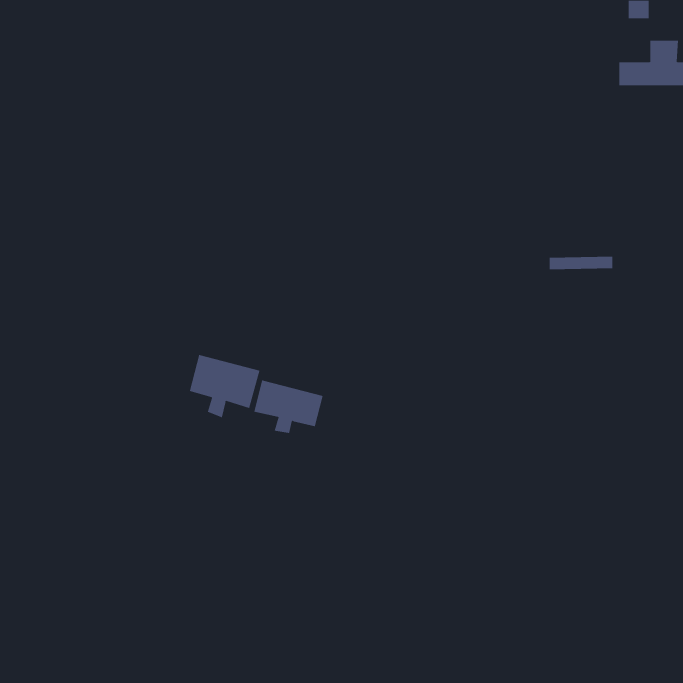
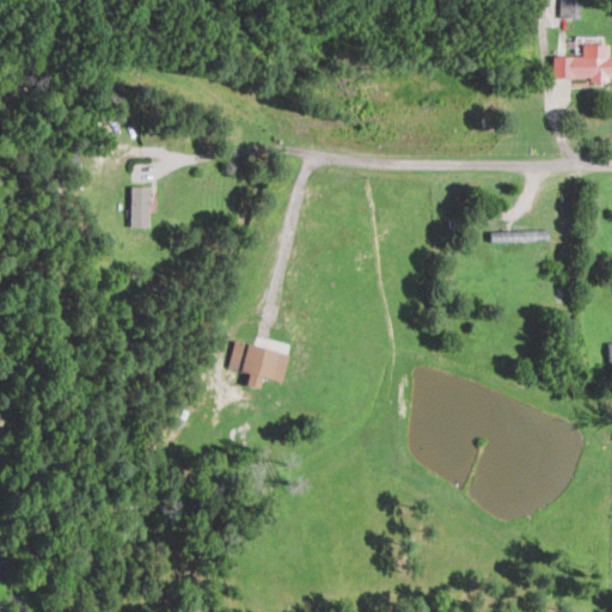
building: none -> [131,186,151,228]
building: [189,354,260,418] -> none

